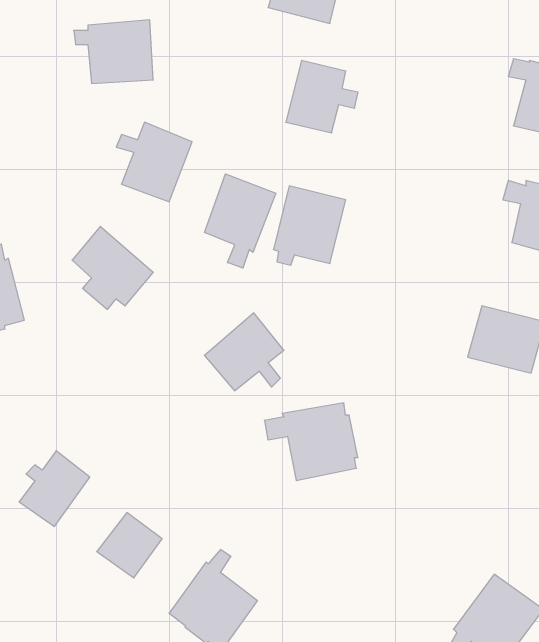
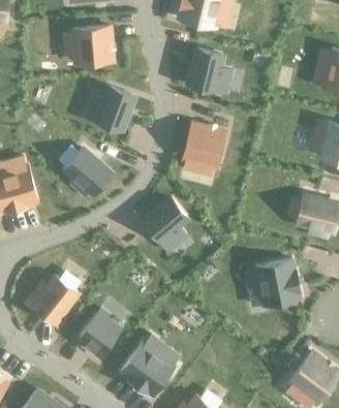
building: [205,174,276,268] -> none
building: [264,403,358,481] -> [246,261,301,307]

